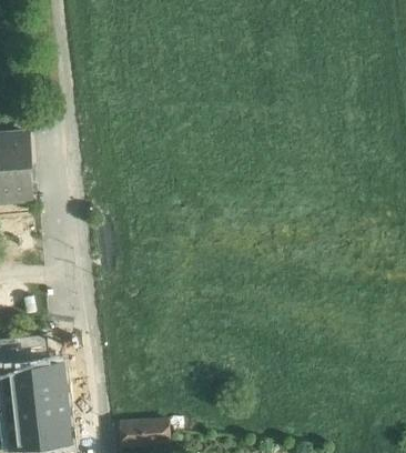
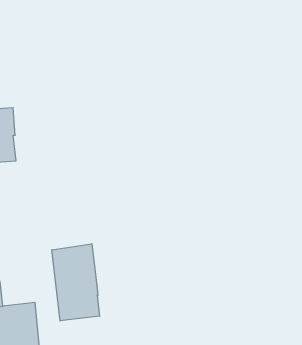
building: none -> [52,244,100,321]

